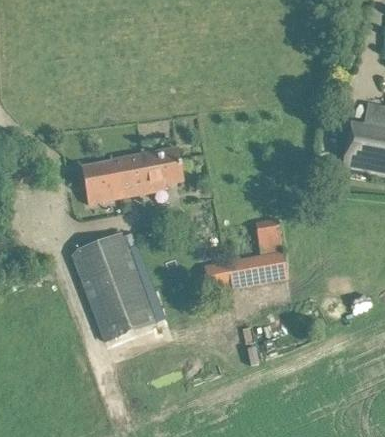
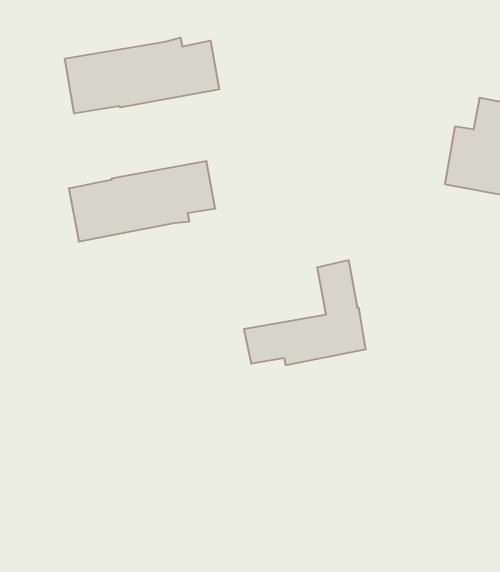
building: none -> [65,38,219,114]
building: [71,231,156,337] -> none

